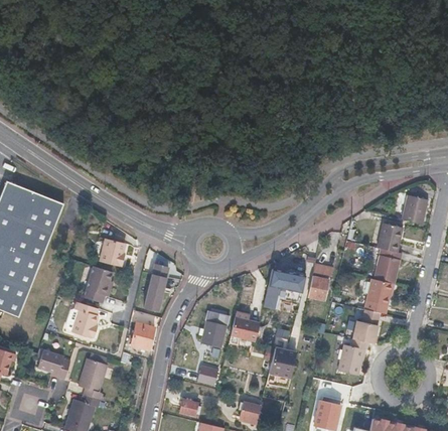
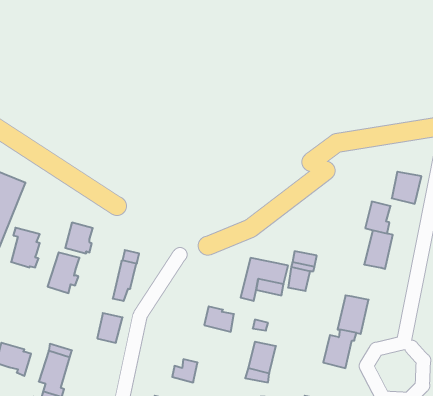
building: [363,277,391,311] -> none
building: [73,302,100,338] -> [11,228,40,267]
building: [197,320,223,348] -> none

